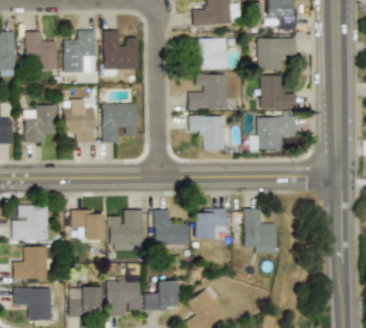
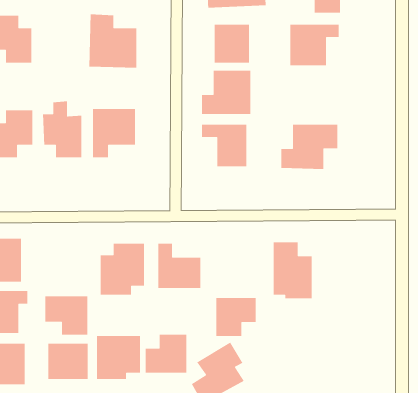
building: [64,30,95,73] -> none
building: [260,75,295,110] -> none
building: [194,208,226,239] -> [215,297,256,337]
building: [70,209,104,240] -> [44,296,88,335]

